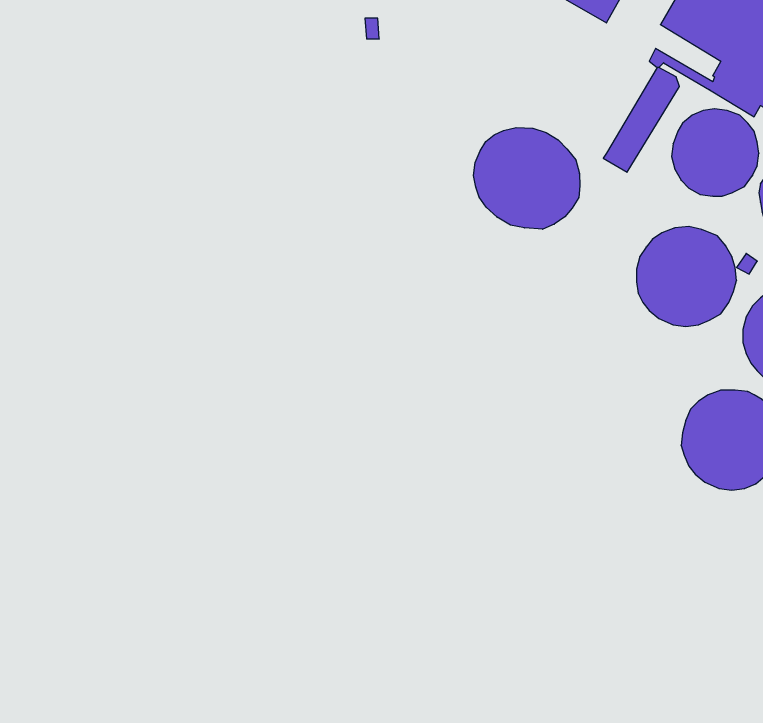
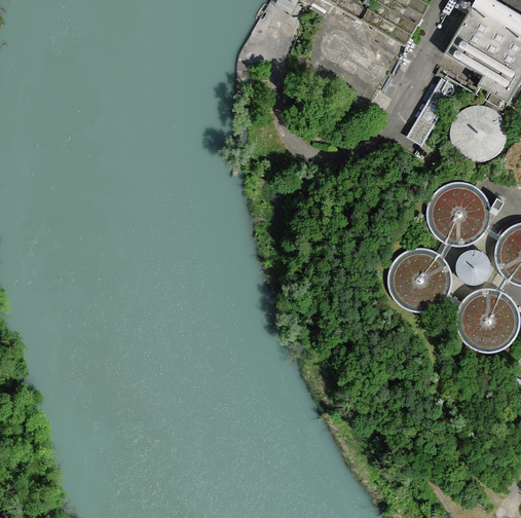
building: [473,128,580,229] -> none
building: none -> [388,247,453,311]
building: none -> [456,248,492,283]

